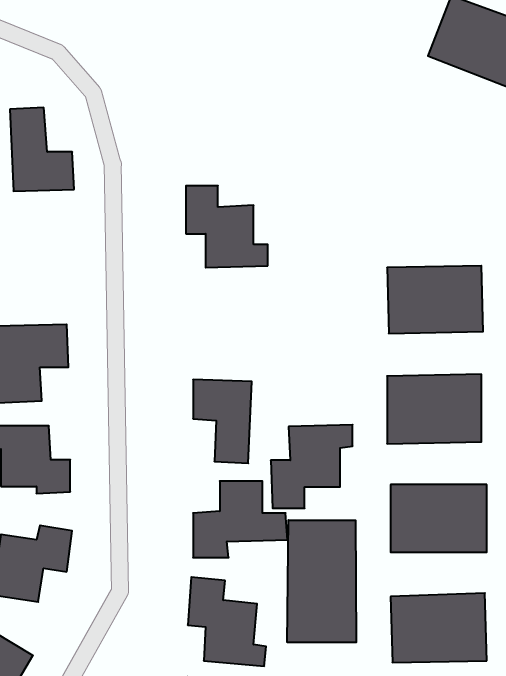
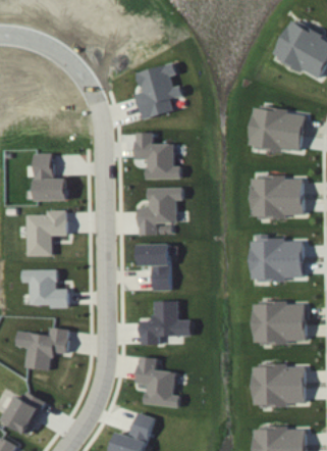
building: none -> [135,63,183,118]
building: [10,108,74,191] -> [33,153,69,201]
building: none -> [248,106,307,153]
building: [271,425,353,508] -> [137,187,183,235]
building: [287,520,356,642] -> none

